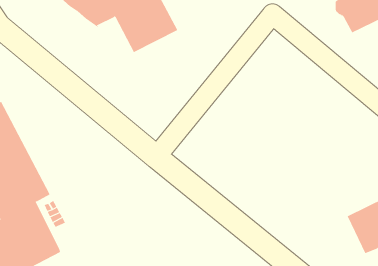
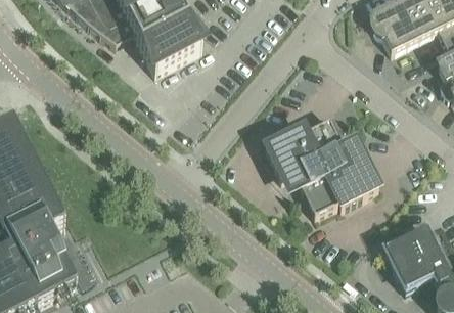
building: none -> [266,114,378,210]

